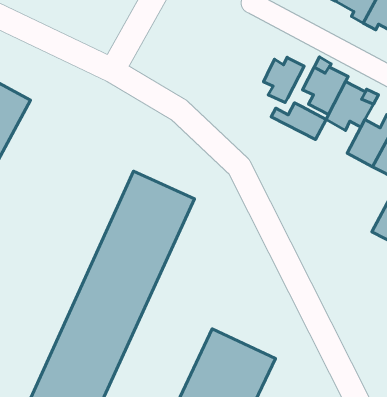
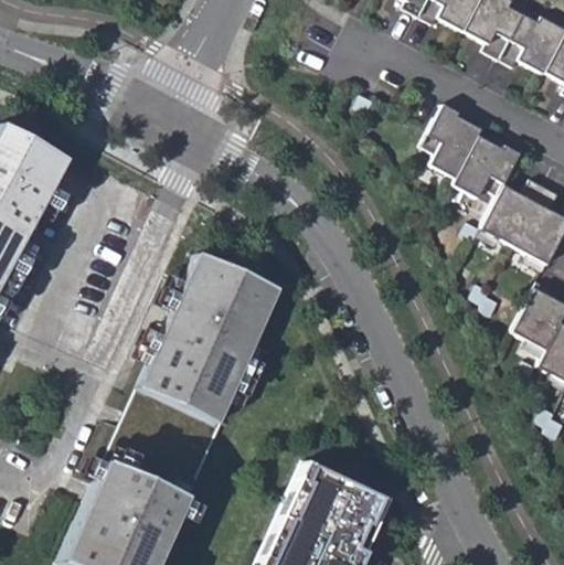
building: [264,57,304,103] -> none
building: [271,103,326,140] -> none

